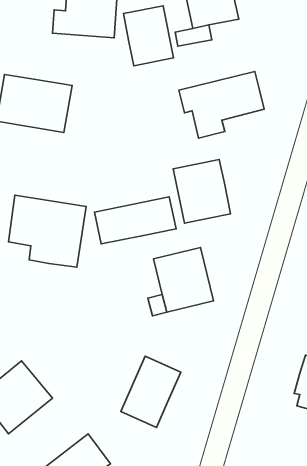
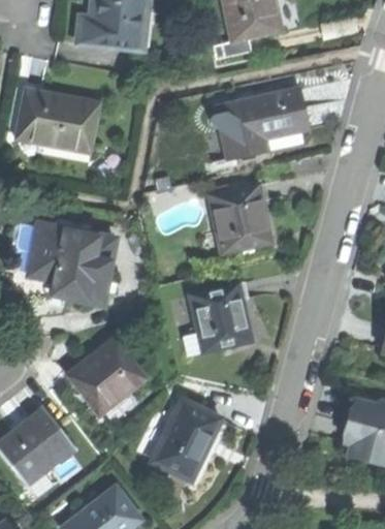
building: [124,6,173,66] -> none
building: [94,197,176,244] -> none
building: none -> [67,337,146,414]

